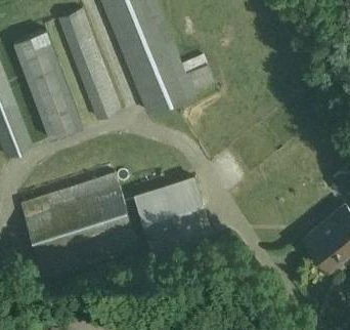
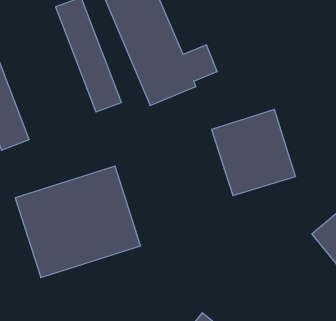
building: [11,28,83,138] -> none
building: [132,174,213,257] -> [212,109,296,196]

